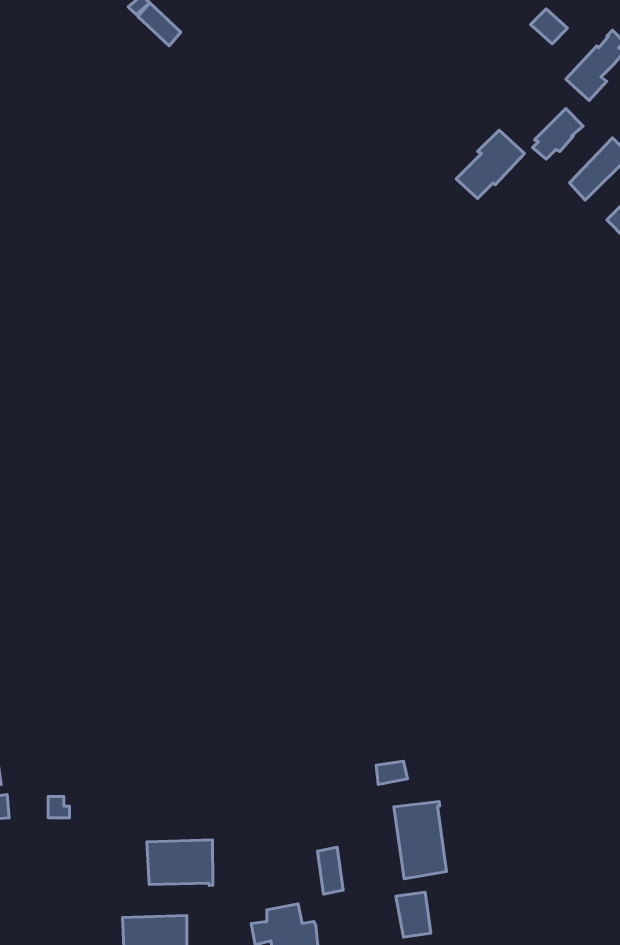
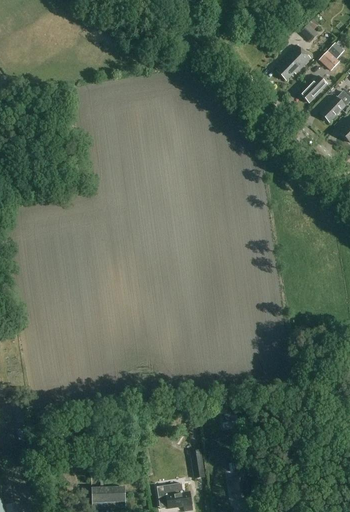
building: [456,130,525,198] -> [276,44,311,79]
building: [394,801,447,879] -> none
building: [147,840,213,885] -> none

